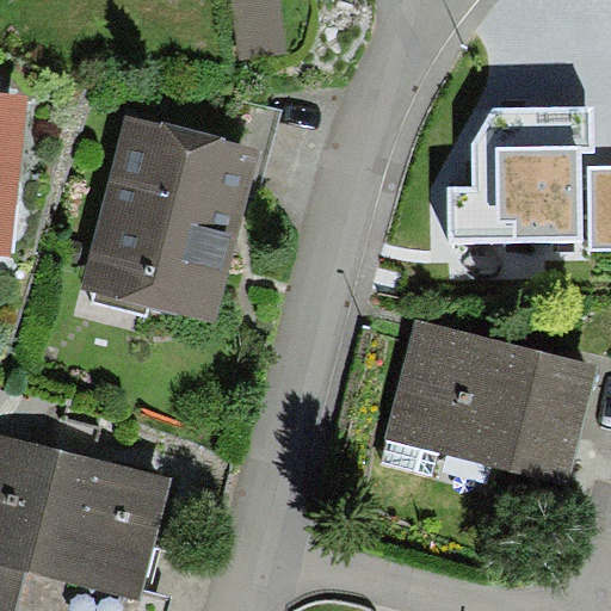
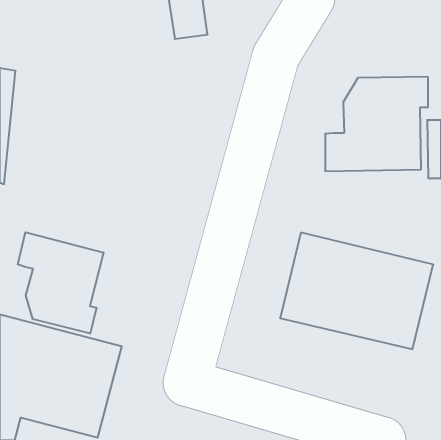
building: [81,113,260,322] -> none
building: none -> [18,232,104,334]

